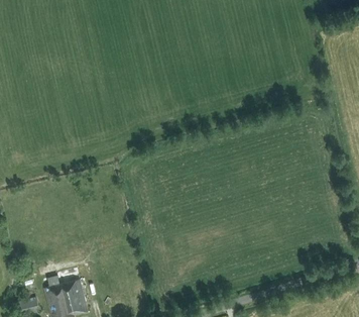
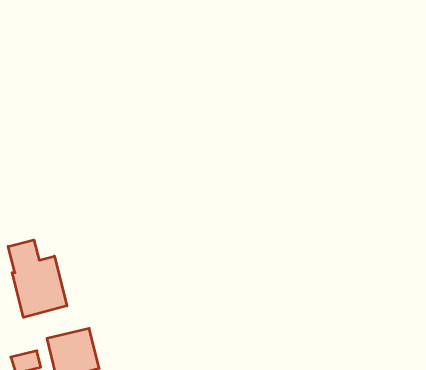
building: none -> [8,240,67,317]

